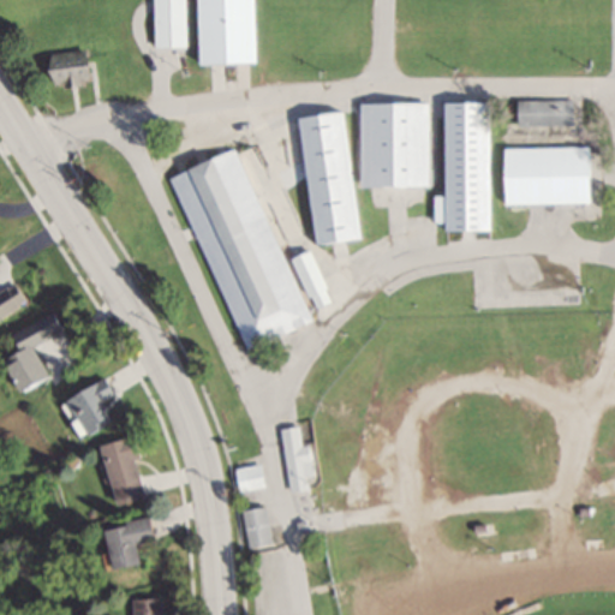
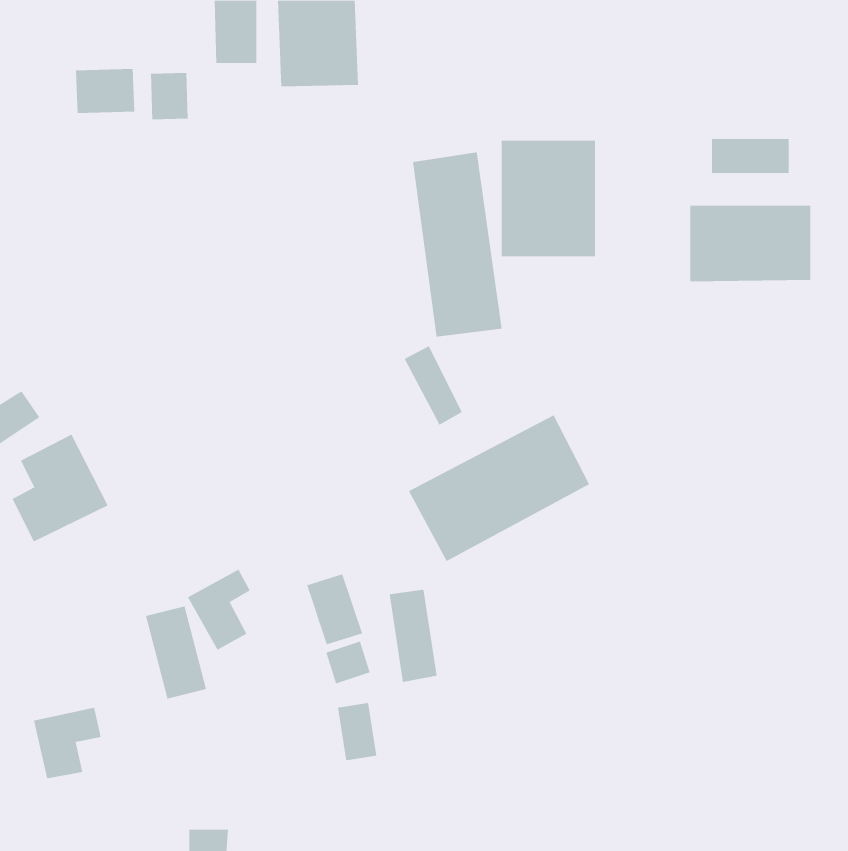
building: none -> [150,72,188,120]
building: [442,102,486,232] -> none
building: [174,150,305,350] -> none
building: none -> [408,414,590,562]
building: [72,378,118,437] -> [187,569,250,651]
building: none -> [307,573,363,645]
building: [107,518,156,569] -> [33,707,102,779]

